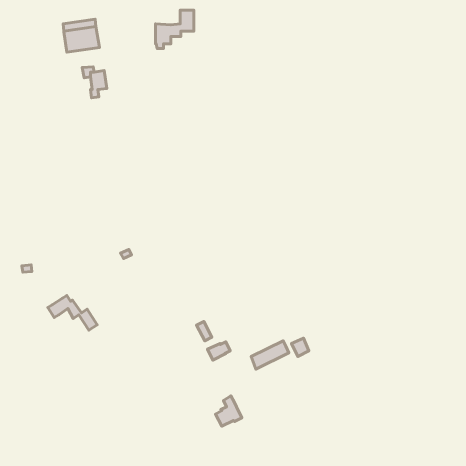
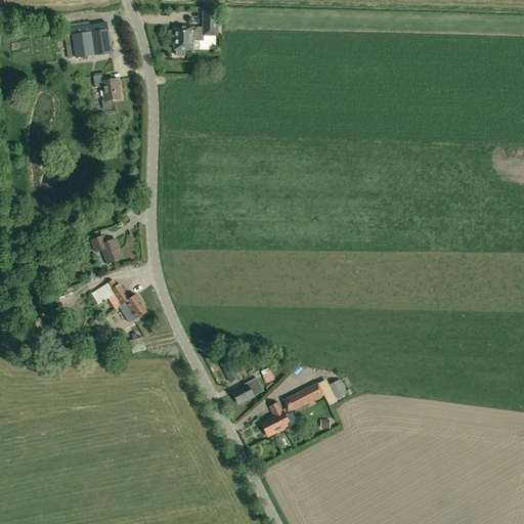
building: none -> [91,235,122,264]
building: [48,296,97,330] -> [91,279,146,318]
building: [215,396,242,426] -> [260,402,290,436]

